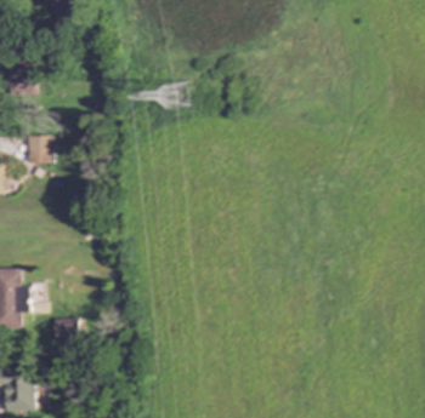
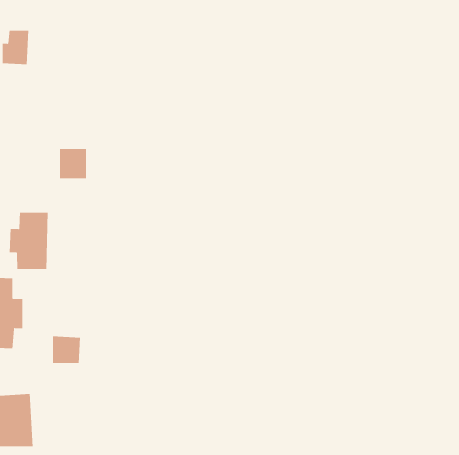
building: [26,137,49,162] -> [59,149,87,179]
building: none -> [9,212,48,270]

